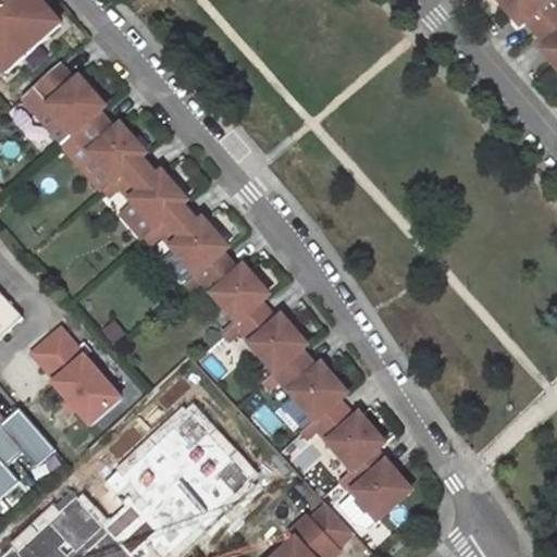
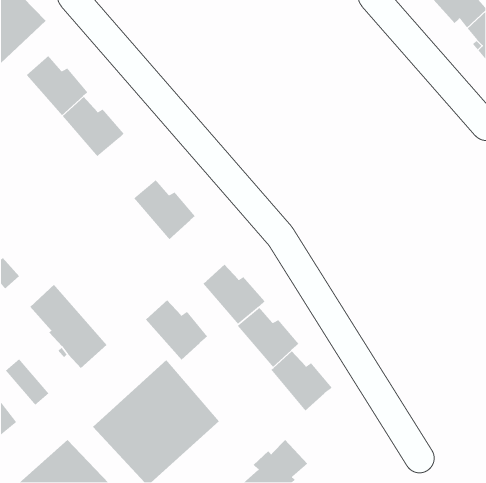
building: [111,158,184,226] -> none
building: [194,251,265,321] -> [145,299,208,360]
building: [347,449,408,519] -> none

